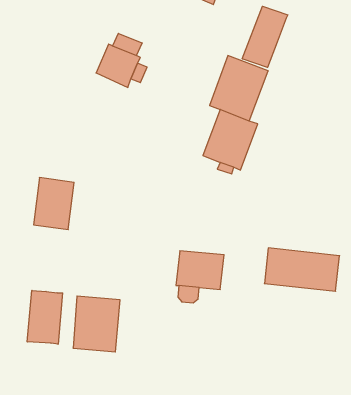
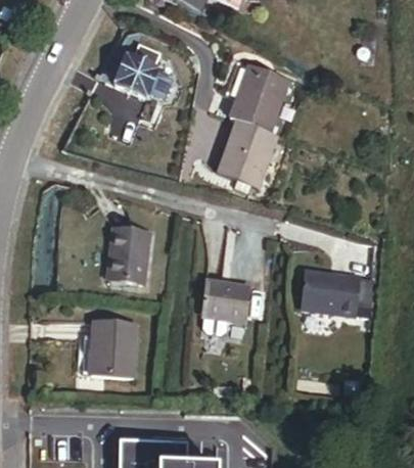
building: [242,6,288,67] -> none
building: [34,178,74,230] -> [103,228,146,283]
building: [27,290,63,344] -> none

